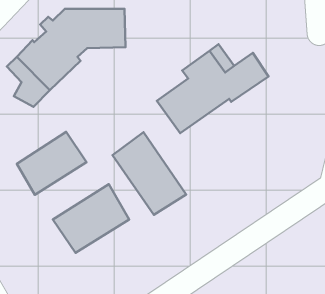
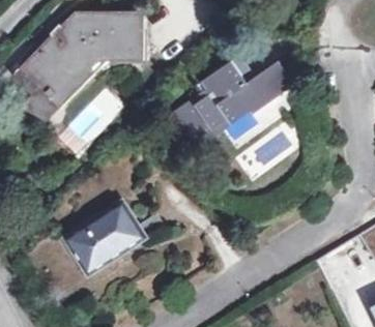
building: [17,132,87,195] -> none
building: [113,132,186,215] -> none

